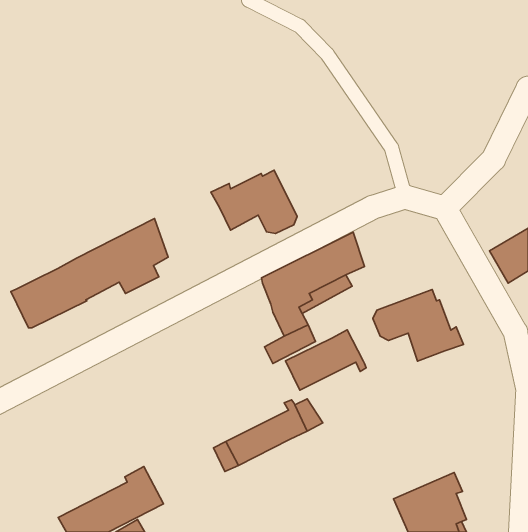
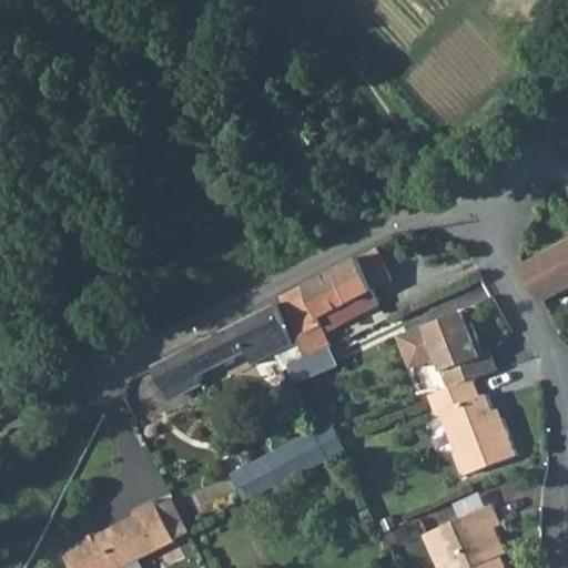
building: [211,170,297,234] -> none
building: [11,219,168,328] -> [122,304,290,420]
building: [285,330,366,390] -> none
building: none -> [428,374,520,470]

